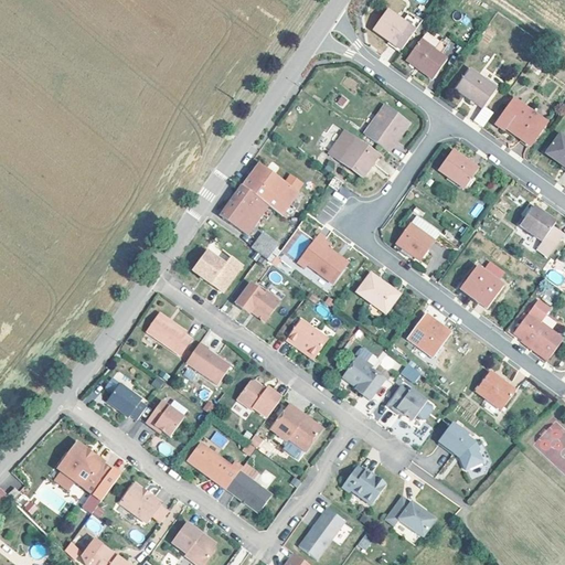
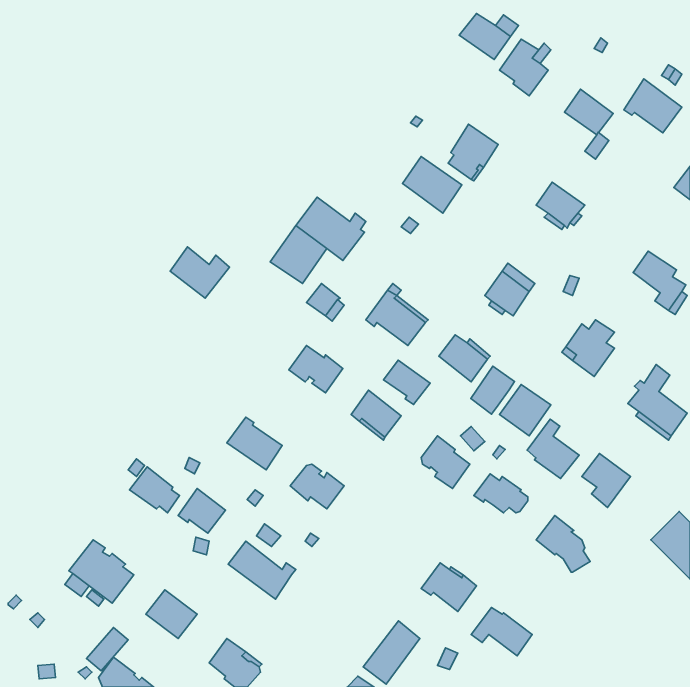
building: [501,102,548,146] -> [624,79,682,133]
building: [194,249,243,291] -> [170,247,229,298]
building: none -> [383,360,430,405]
building: none -> [471,366,515,414]
building: [147,313,191,354] -> none
building: none -> [527,419,579,479]
building: [270,404,322,451] -> none
building: [225,470,271,514] -> none

